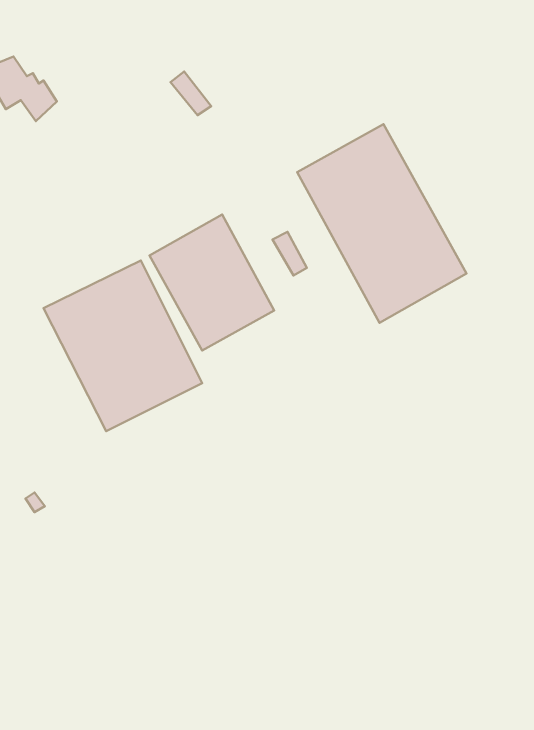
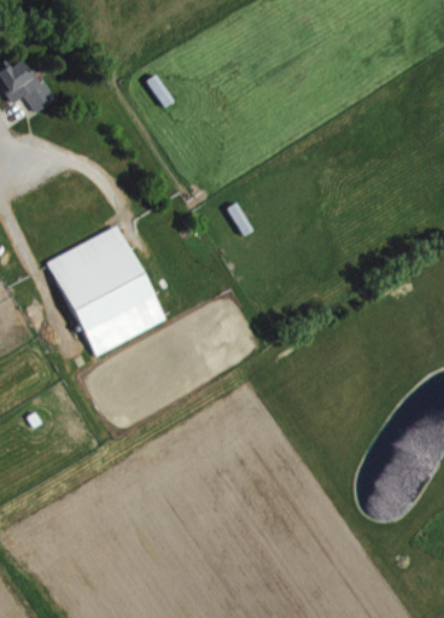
building: [297,124,466,323] -> none
building: [149,215,274,350] -> none

